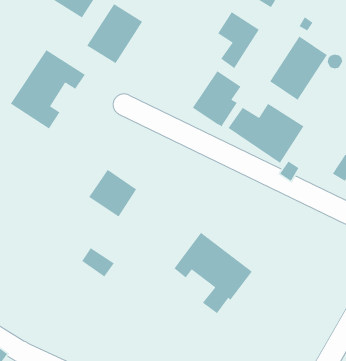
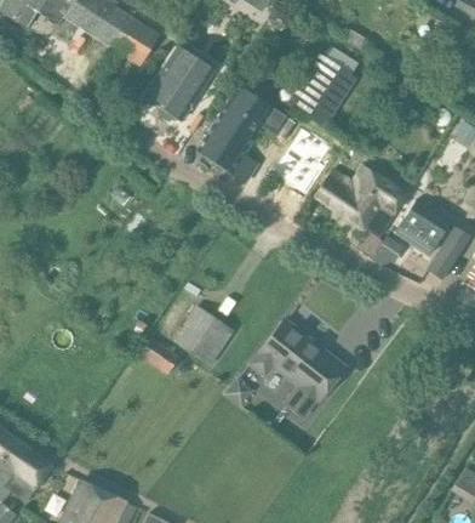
building: [269,35,328,101] -> none
building: [10,49,86,129] -> [195,86,286,182]
building: none -> [395,200,450,255]
building: [88,169,137,218] -> [173,307,231,365]

